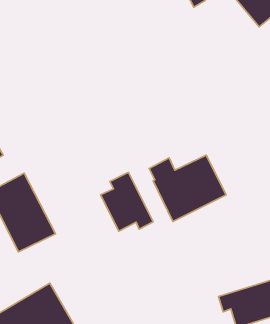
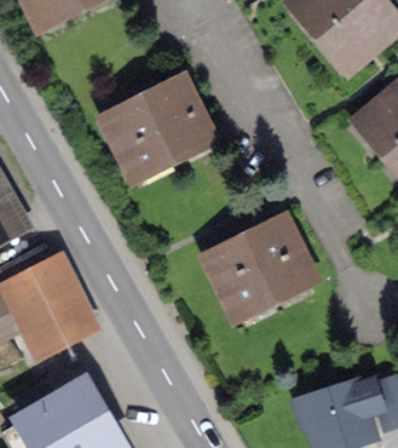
building: none -> [110,86,208,173]
building: [101,173,153,231] -> none

